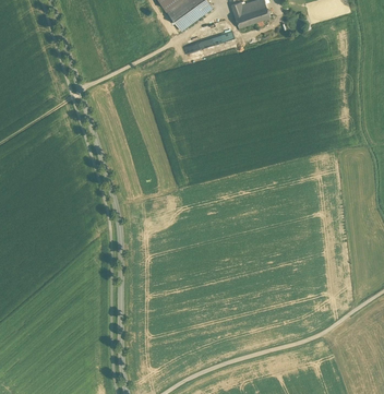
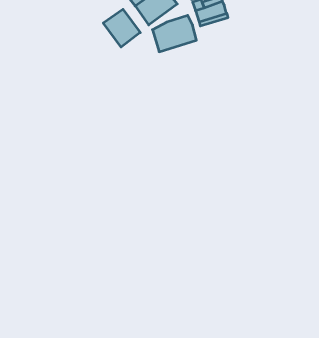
building: none -> [103,9,140,47]

